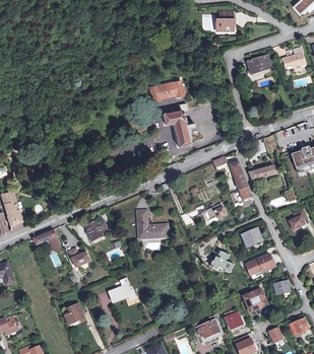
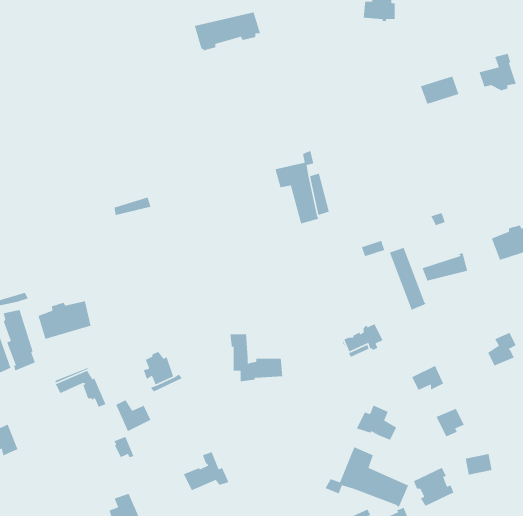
building: [146,78,186,101] -> [194,11,261,51]
building: none -> [37,301,91,340]
building: none -> [324,446,409,508]

